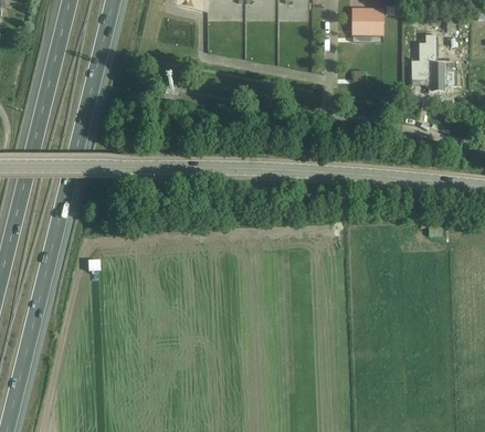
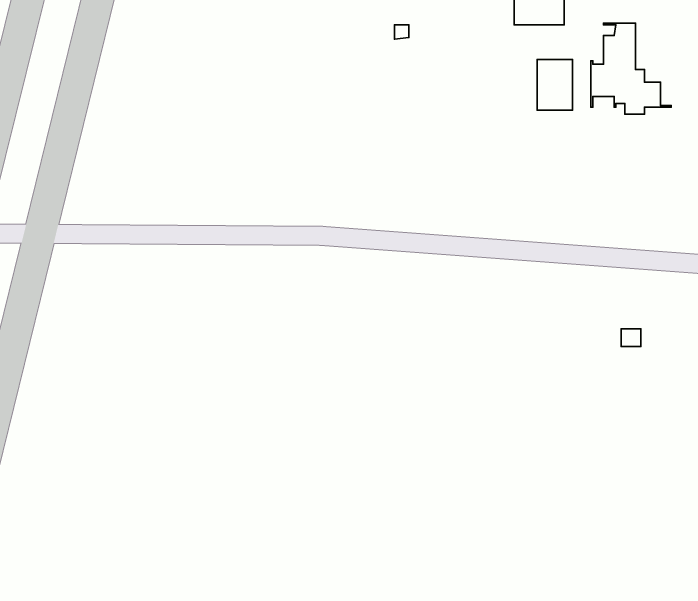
building: none -> [537,59,572,110]

